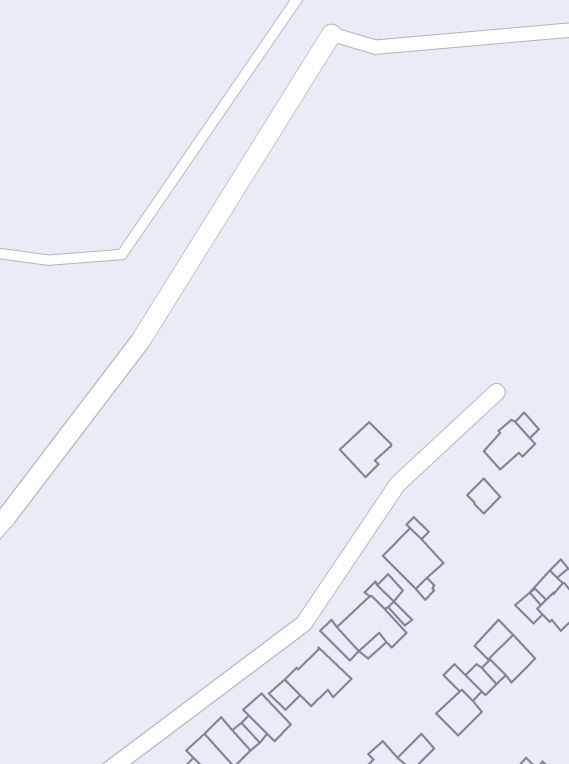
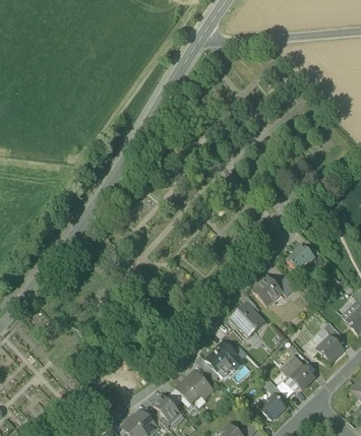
building: [340,422,391,477] -> [252,277,281,308]

